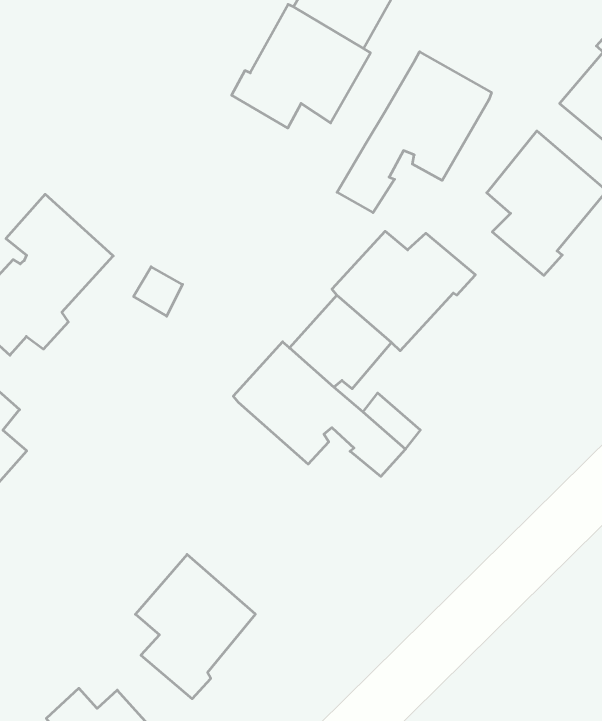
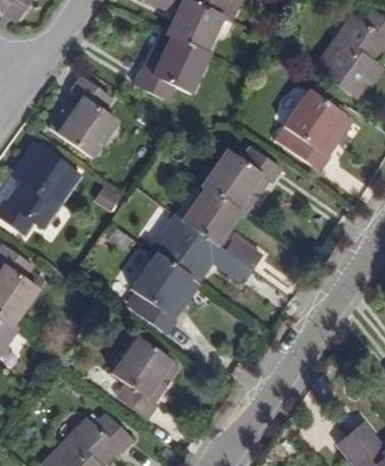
building: [337,52,491,213] -> none
building: none -> [51,82,117,160]
building: none -> [129,252,198,332]

